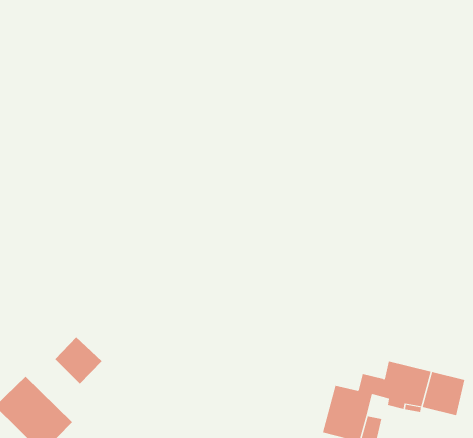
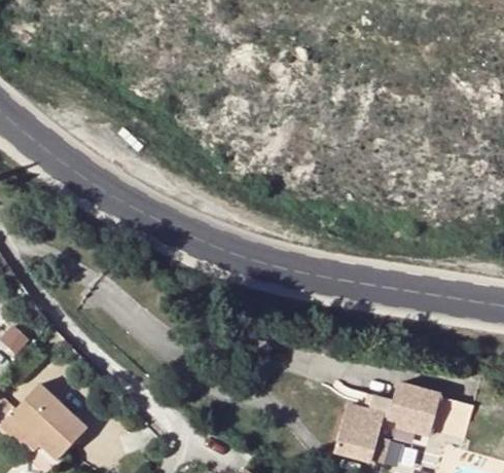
building: [54,337,103,384] -> none

